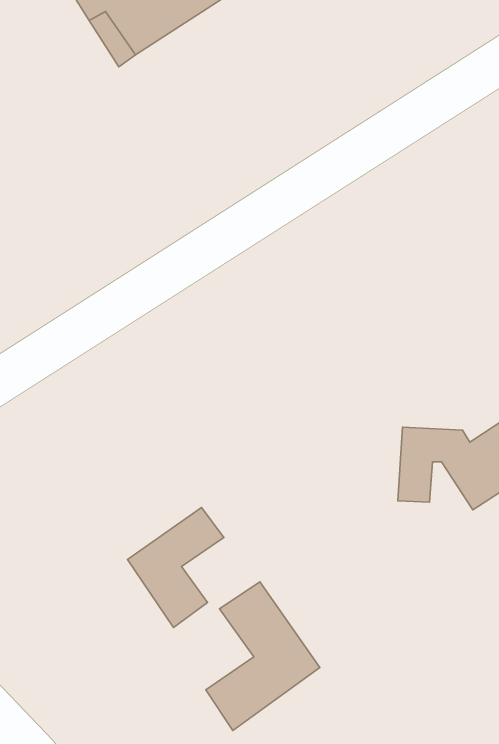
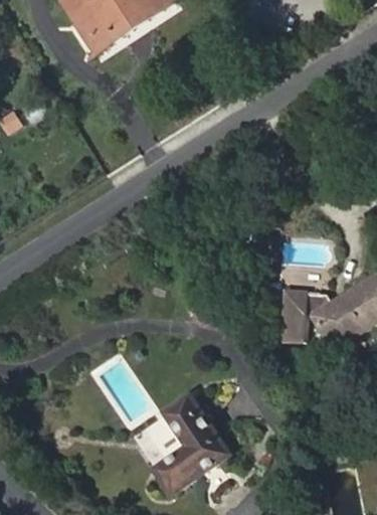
building: [128,508,224,628] -> none

